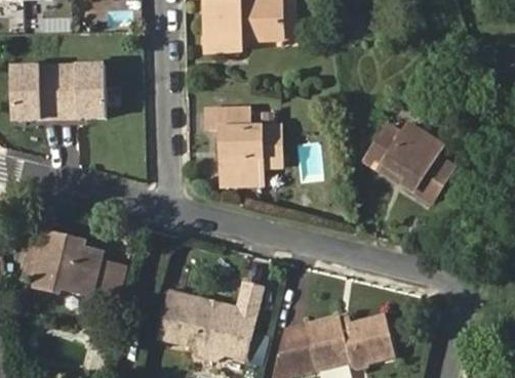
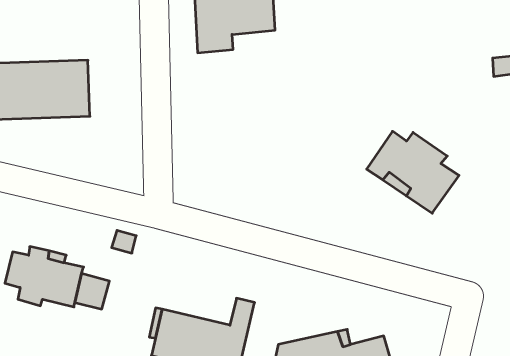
building: [208,111,284,186] -> none

